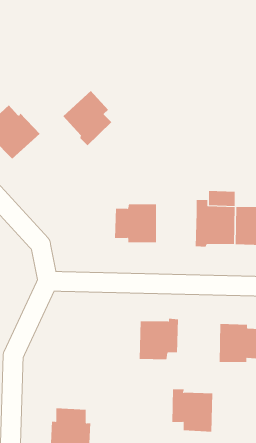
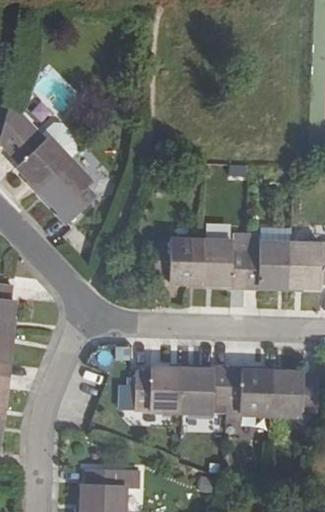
building: [63,90,112,146] -> [38,160,94,223]
building: none -> [201,239,245,287]
building: none -> [134,369,182,414]
building: [171,389,213,432] -> [225,369,272,418]

